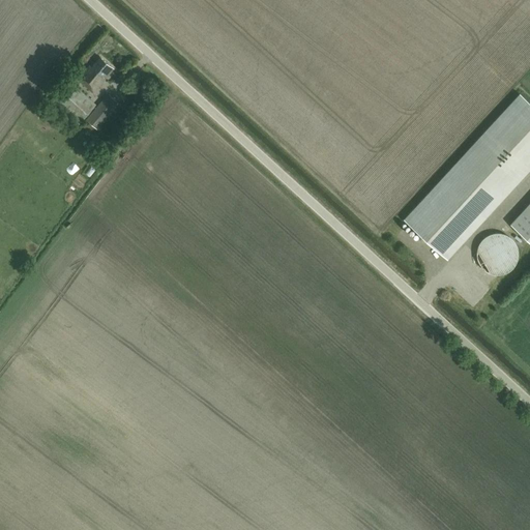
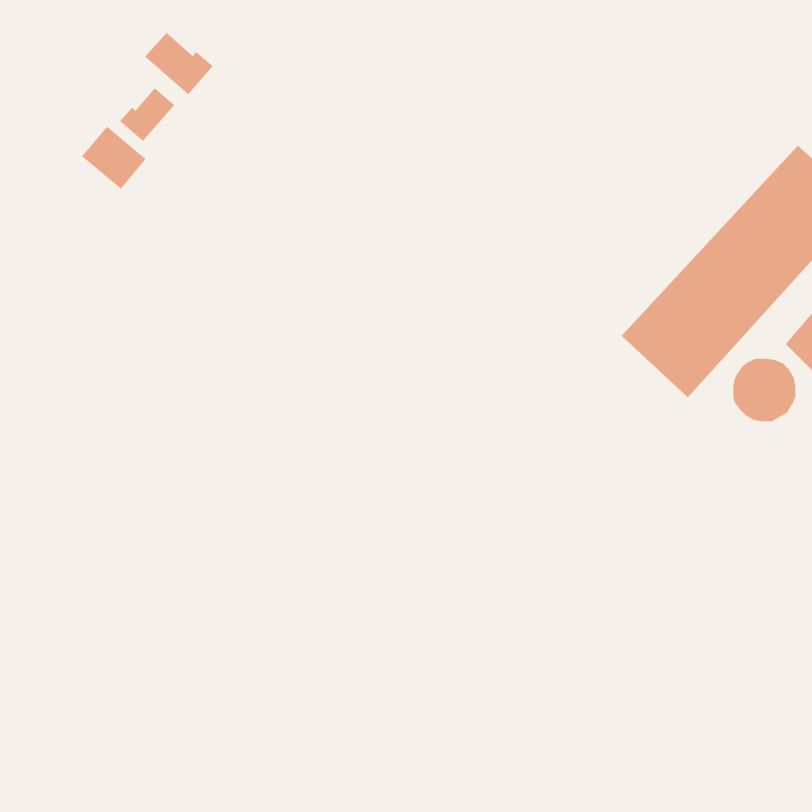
building: none -> [144,32,214,95]
building: [87,95,119,129] -> none

